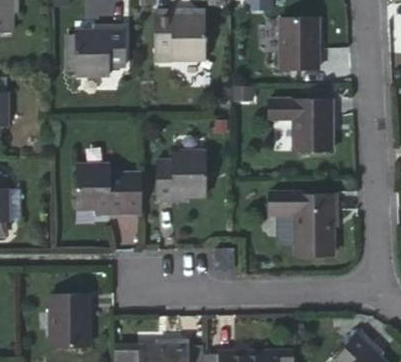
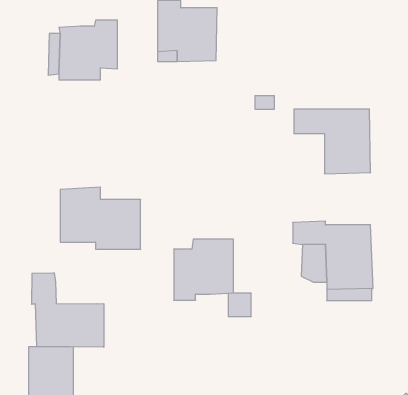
building: [280,17,317,69] -> none
building: [157,151,206,201] -> [174,239,233,300]
building: none -> [32,273,104,347]

